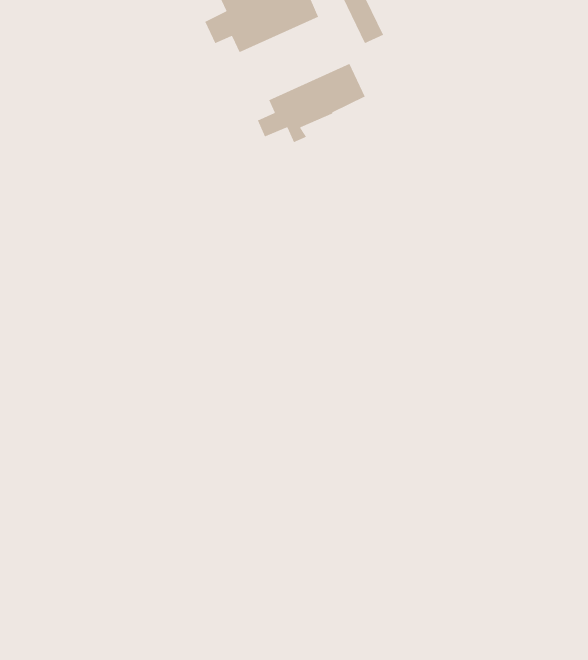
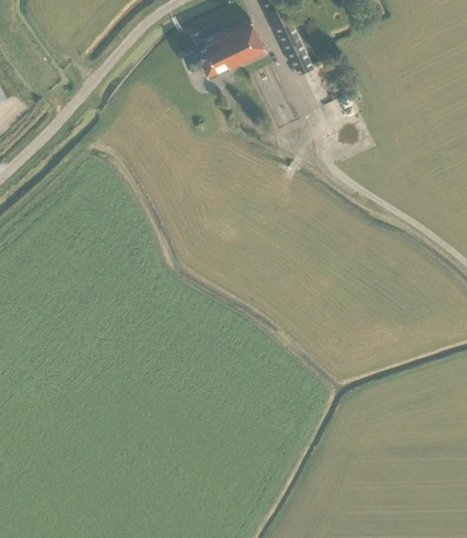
building: [257,63,366,143] -> none

